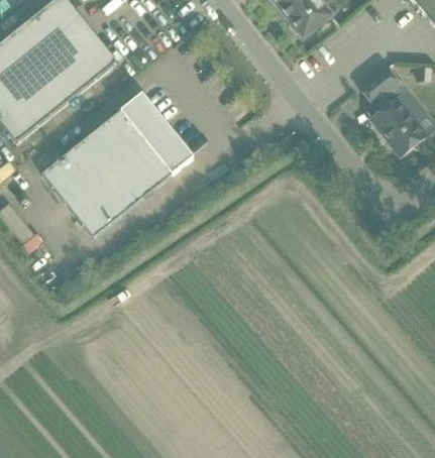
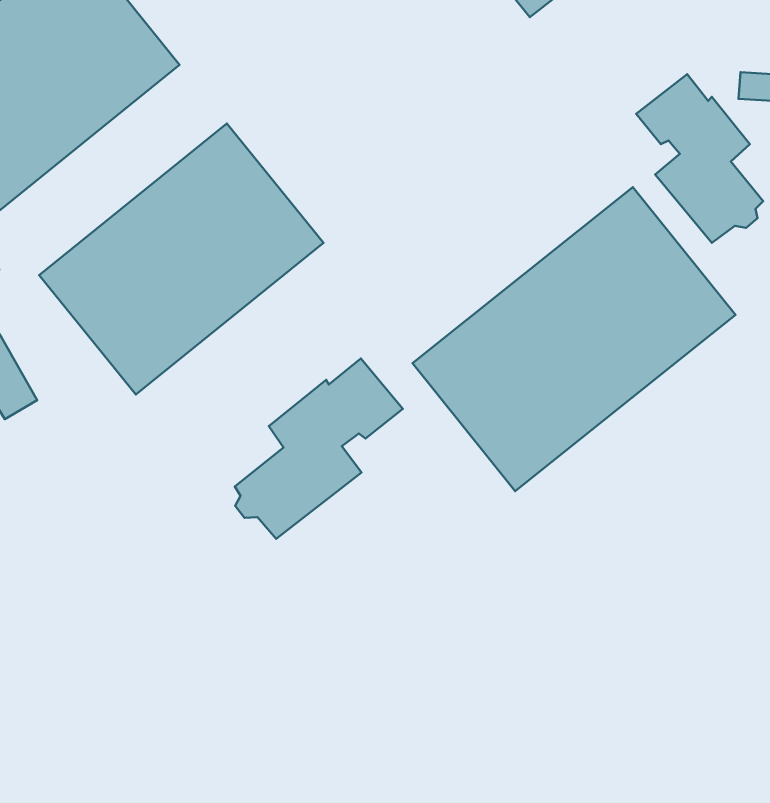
building: none -> [413,187,735,491]
building: none -> [235,359,403,539]

